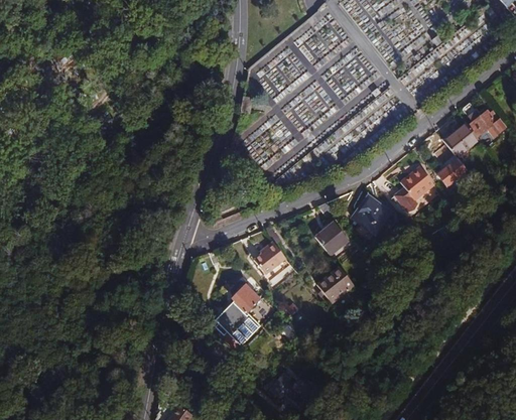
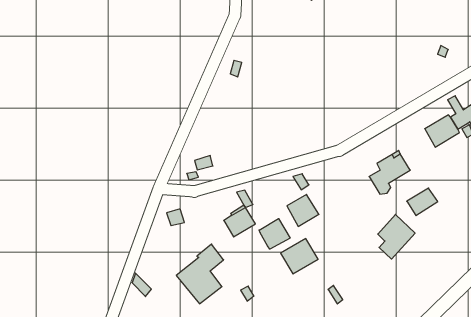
building: [437,157,469,186] -> [407,188,438,216]
building: [353,194,390,240] -> [378,214,415,259]
building: none -> [259,219,290,249]

